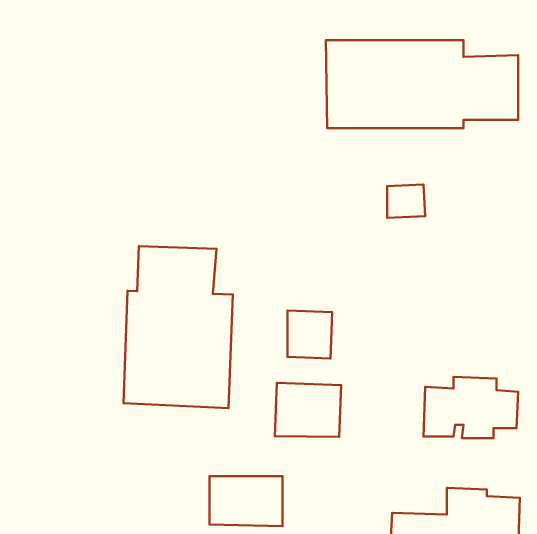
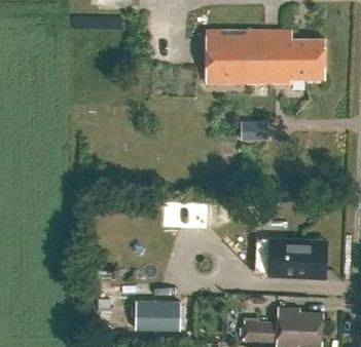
building: [123,246,233,408] -> none
building: [275,383,341,437] -> none

